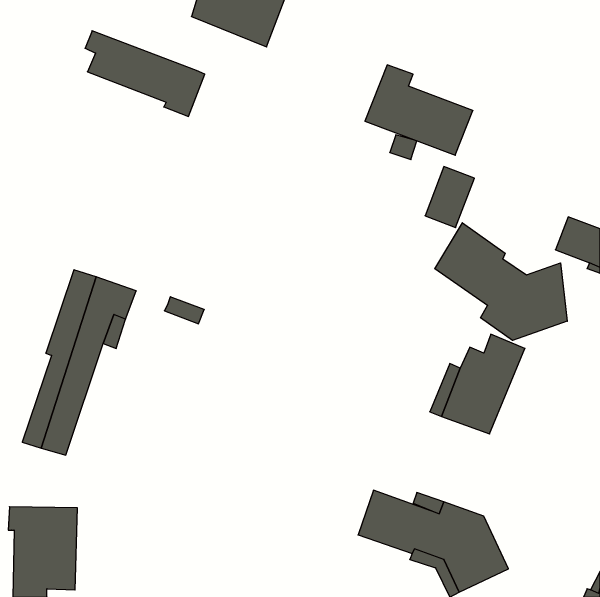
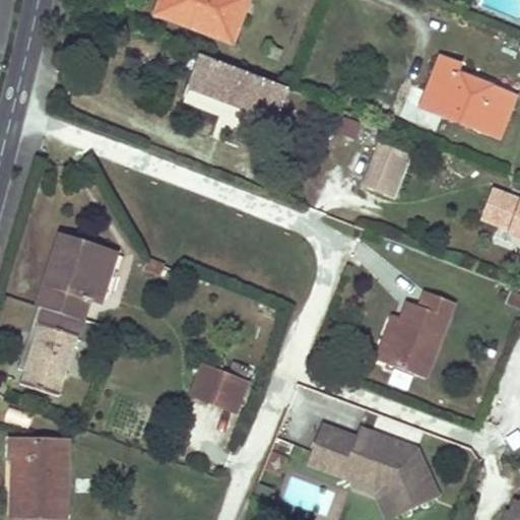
building: [85,31,205,116] -> [186,50,289,124]
building: [365,65,473,155] -> [418,56,512,134]
building: [435,223,567,340] -> none
building: none -> [198,369,252,415]

